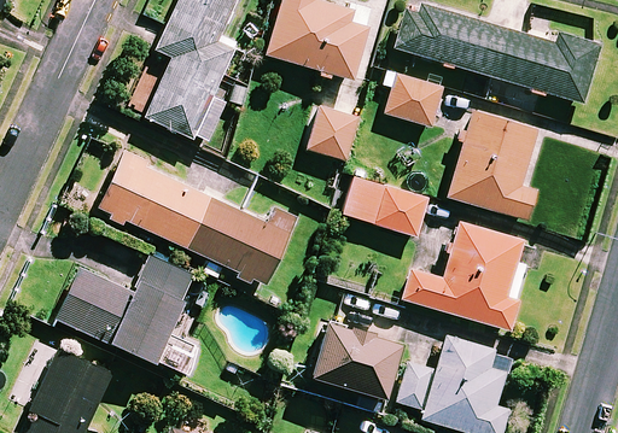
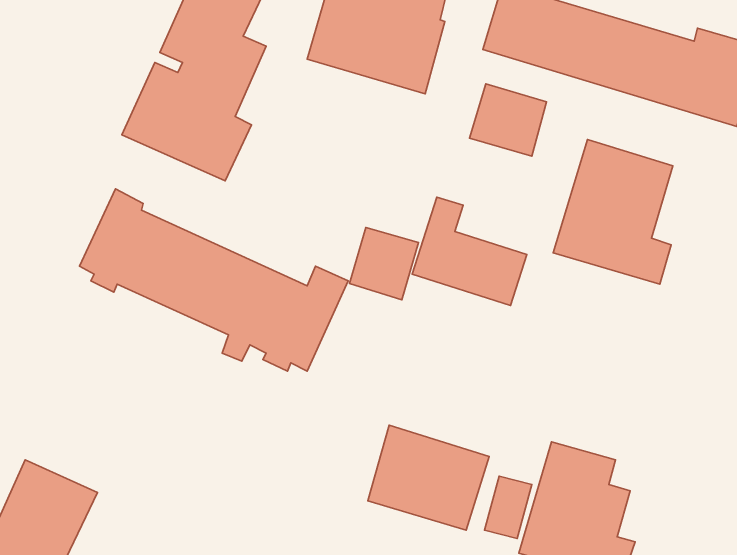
building: [308,106,358,159] -> [350,228,418,300]
building: [403,222,525,329] -> none
building: [56,253,199,374] -> none

